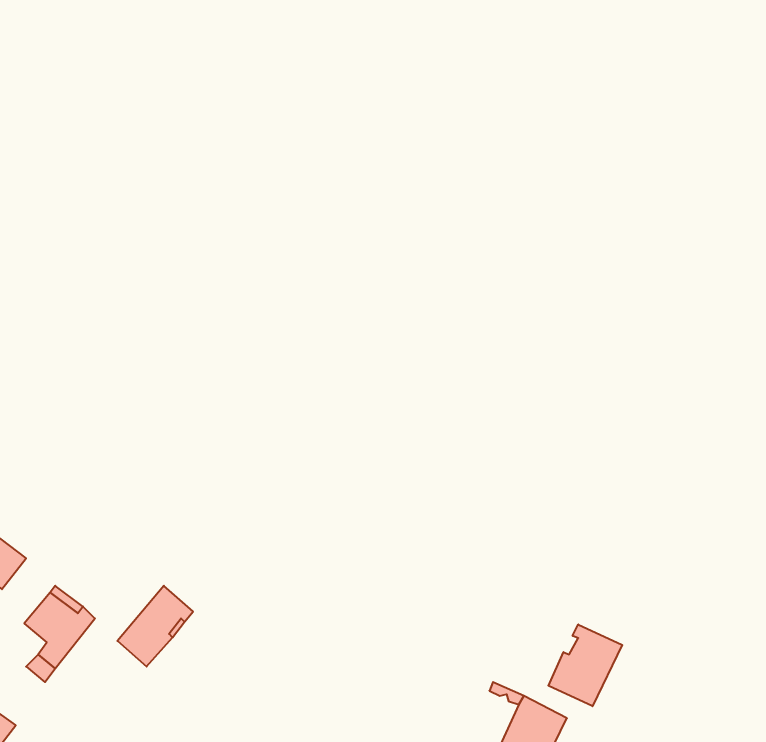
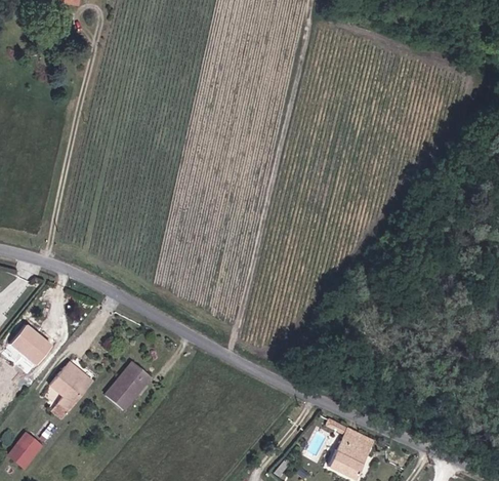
building: [548,624,622,706] -> none

